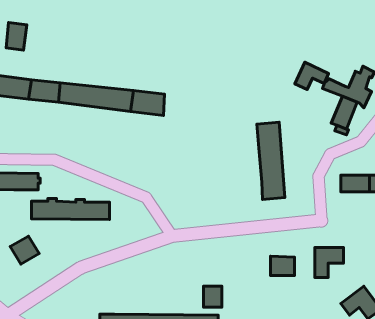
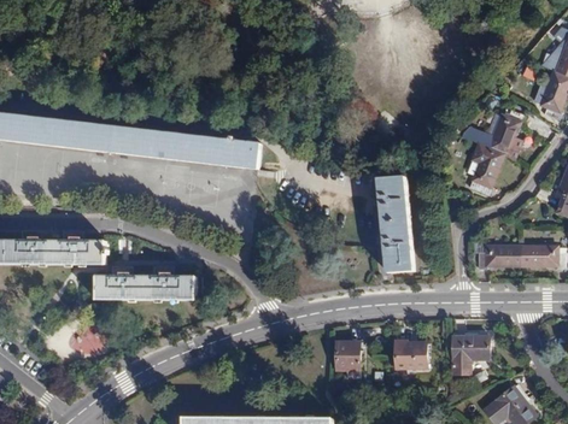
building: [6,22,27,50] -> none
building: [295,62,329,89] -> none
building: [203,286,222,307] -> [335,341,358,367]

